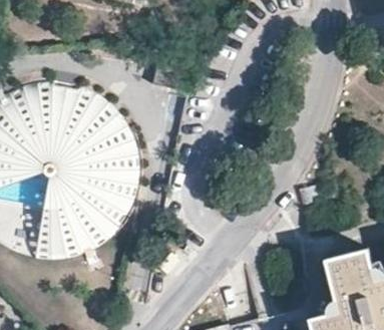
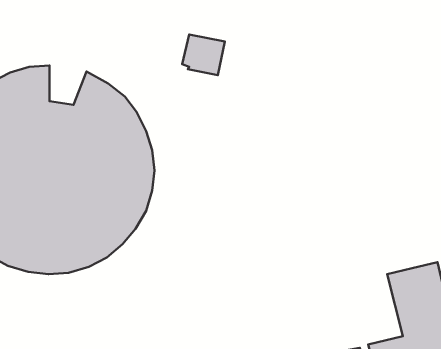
building: [43,83,74,116] -> none

